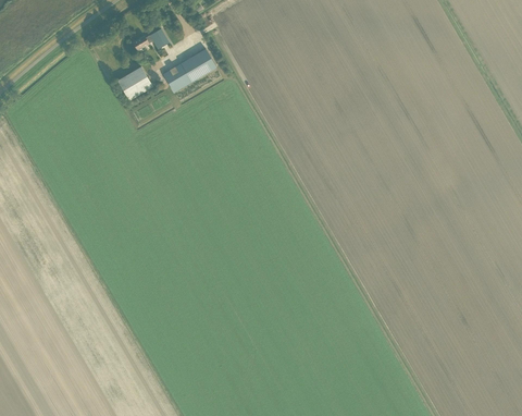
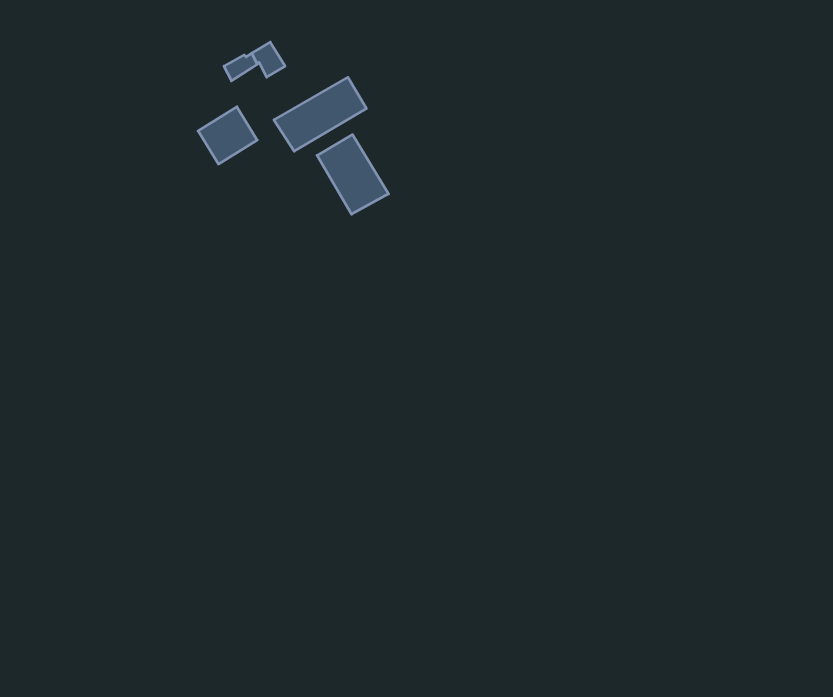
building: none -> [317,135,389,214]

